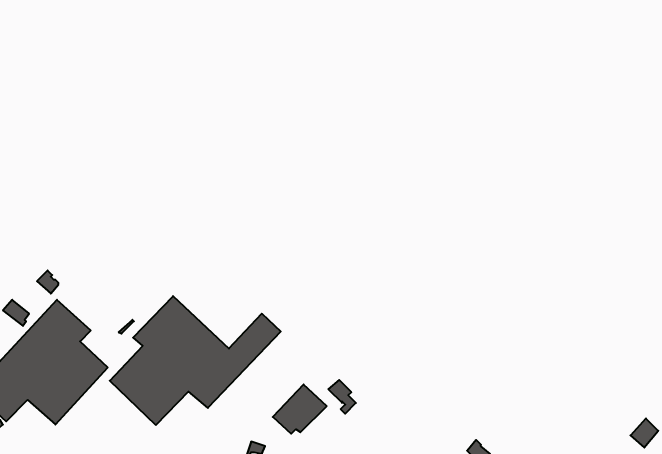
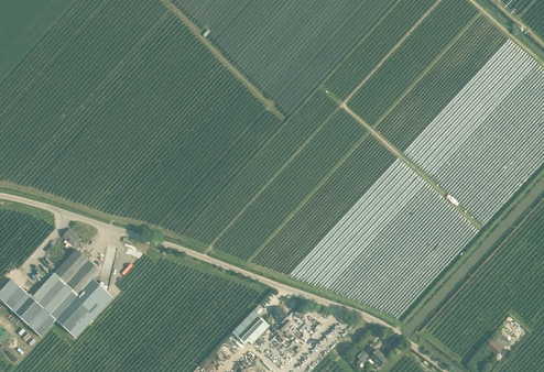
building: [110,296,281,425] -> none

